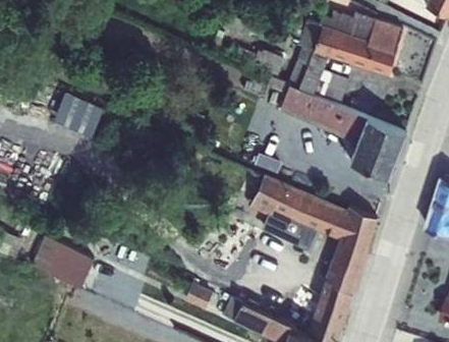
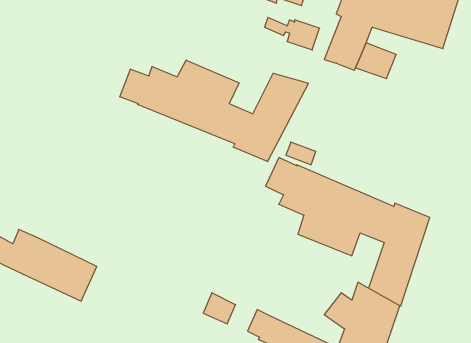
building: [269,77,407,177] -> none
building: none -> [120,60,308,162]
building: [59,90,110,134] -> none

